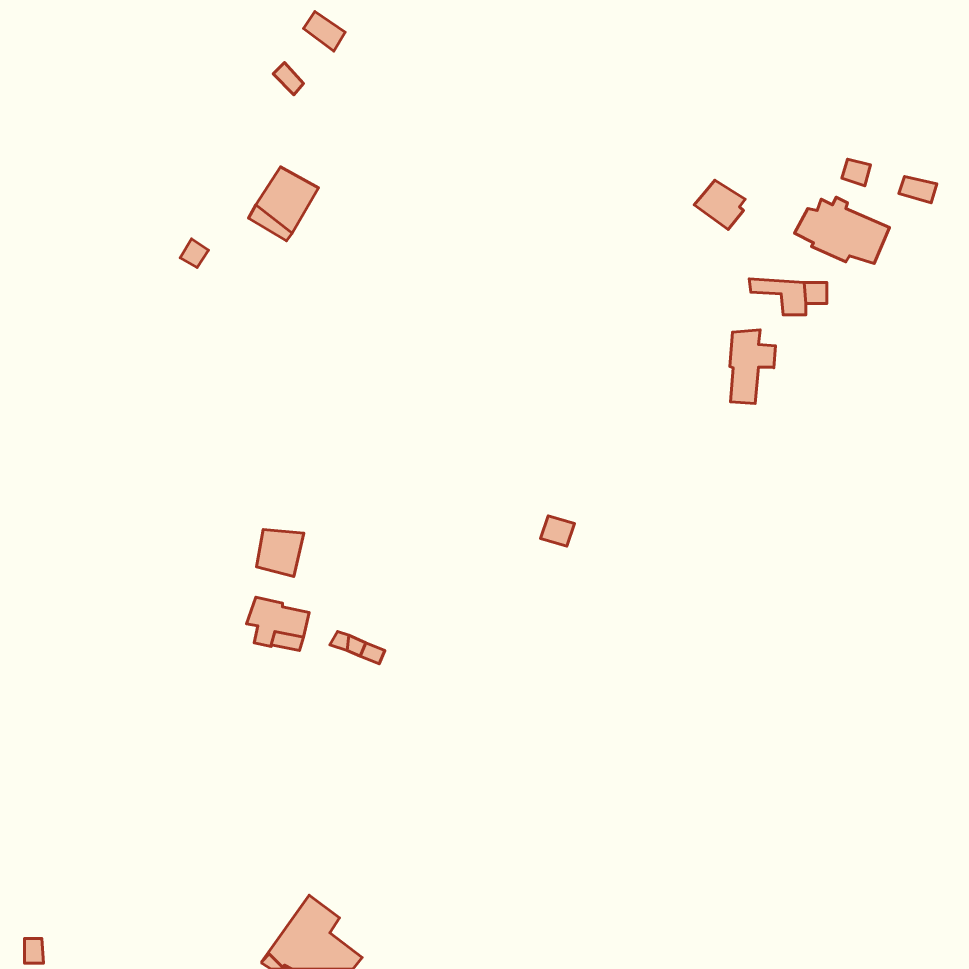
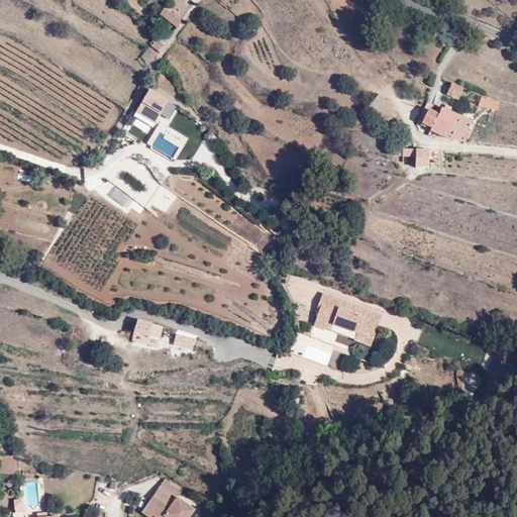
building: [730,330,775,404] -> none
building: [257,529,304,576] -> none
building: none -> [313,294,382,348]

